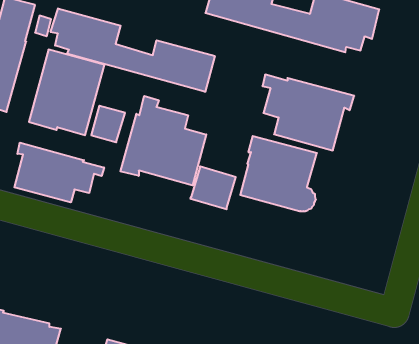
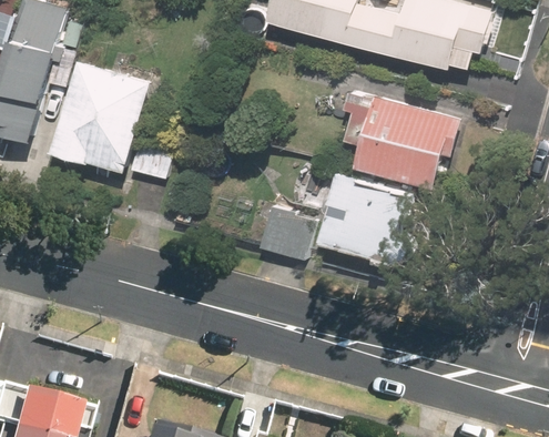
building: [51,8,215,92] -> none
building: [120,96,206,185] -> none
building: [14,143,104,202] -> none

